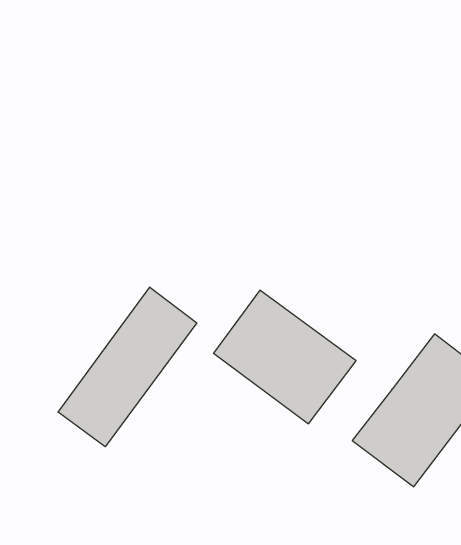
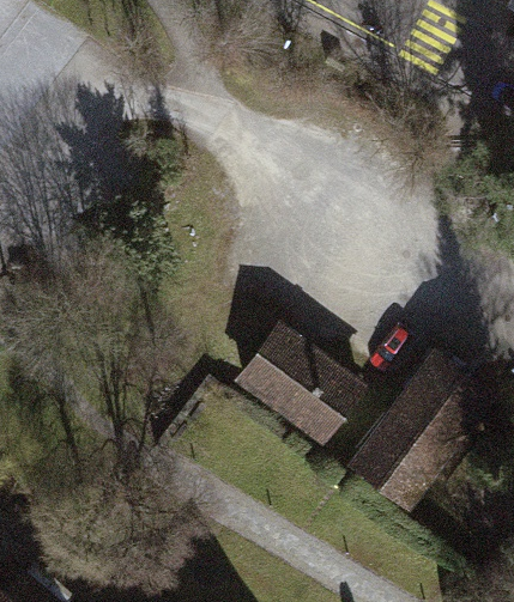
building: [58,287,197,447] -> none

